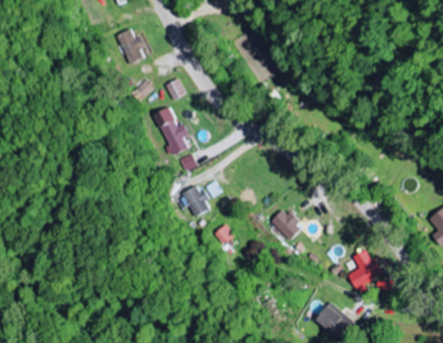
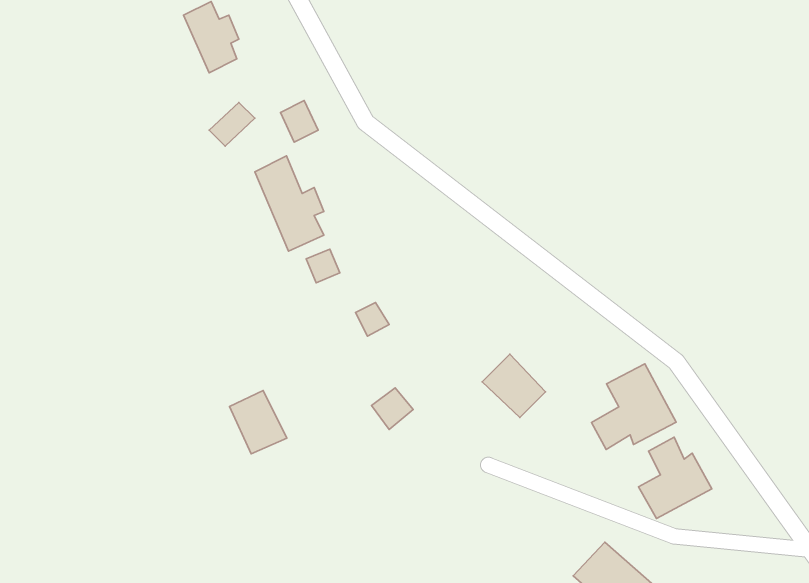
building: [179,185,208,217] -> [229,391,287,454]
building: none -> [592,364,676,450]

